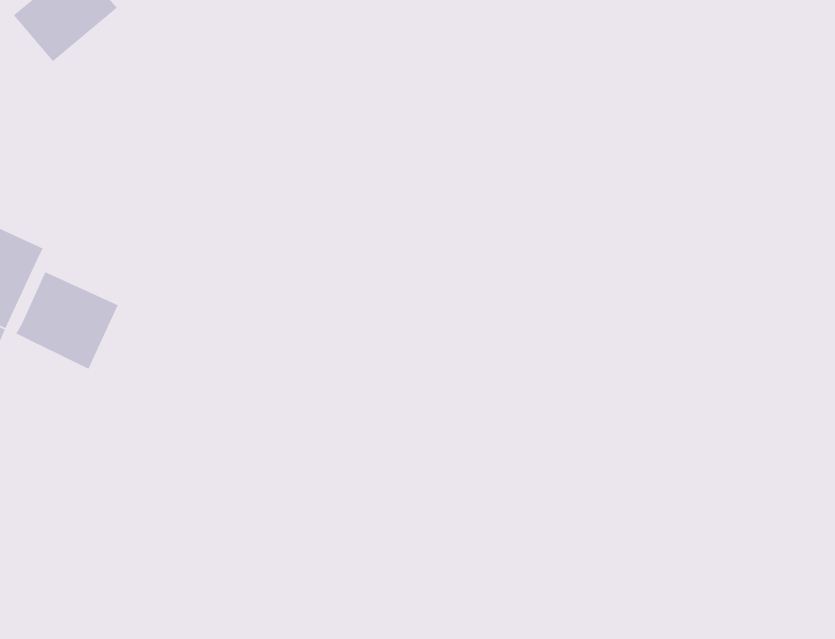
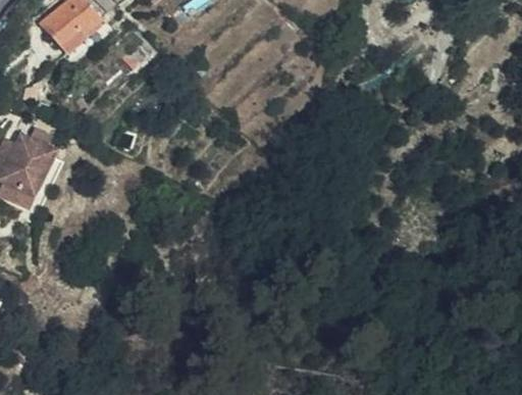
building: [15,271,119,370] -> none

